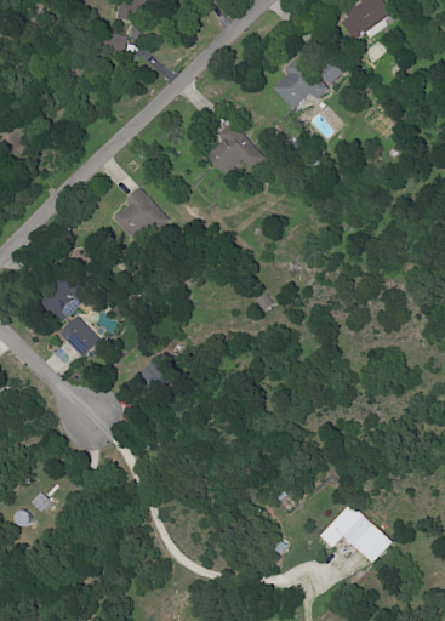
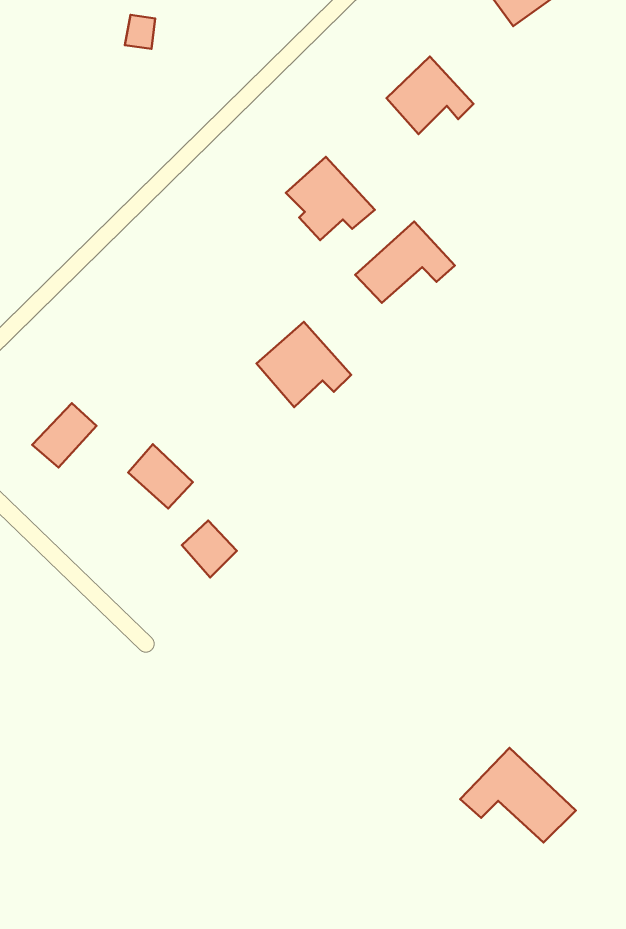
building: none -> [355,221,455,303]
building: [110,187,171,241] -> [256,322,351,407]
building: [58,314,99,355] -> [128,444,193,509]

